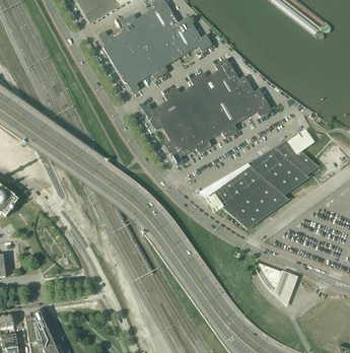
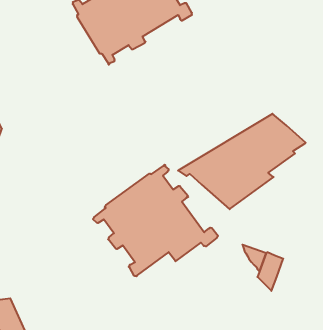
building: [143,58,272,165] -> none
building: none -> [93,165,218,276]

